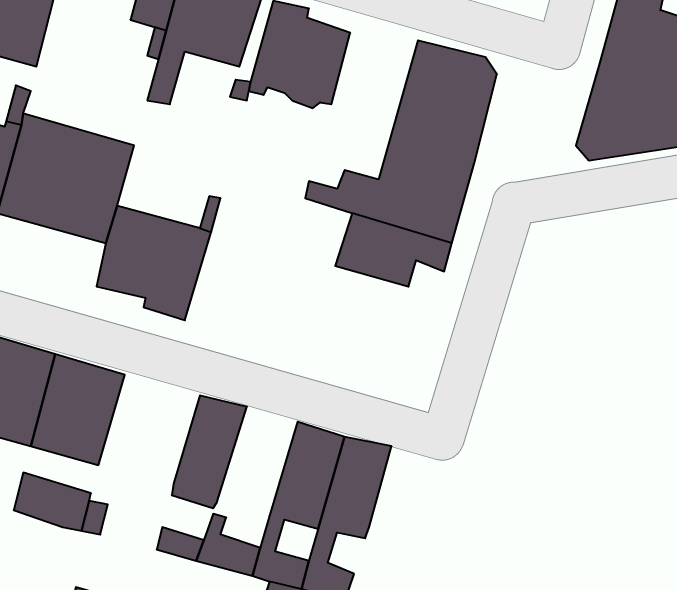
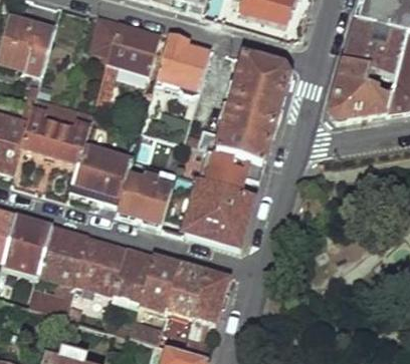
building: none -> [118,171,171,227]
building: none -> [183,177,254,248]
building: none -> [73,236,128,294]
building: none -> [137,253,180,311]

